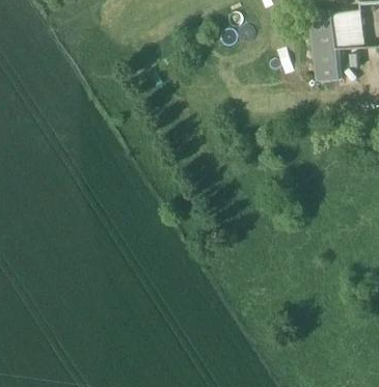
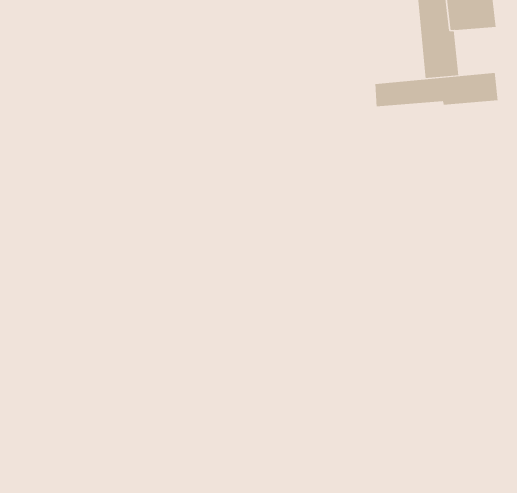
building: none -> [375,72,498,107]

